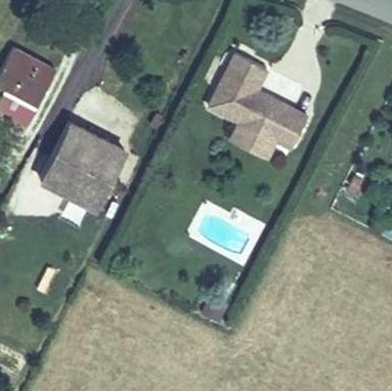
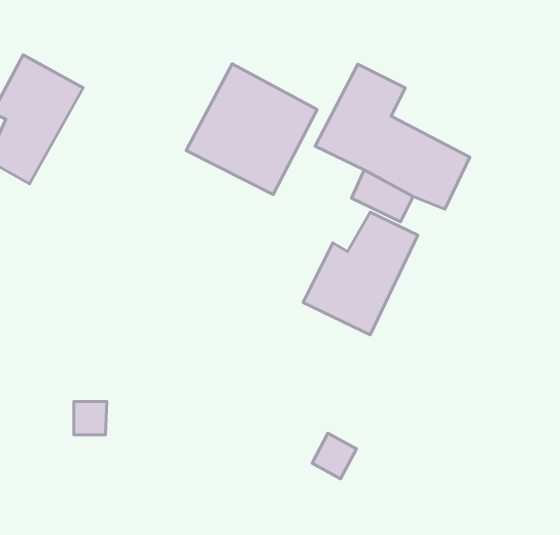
building: [41,124,126,209] -> [186,64,317,195]
building: none -> [303,212,418,335]

